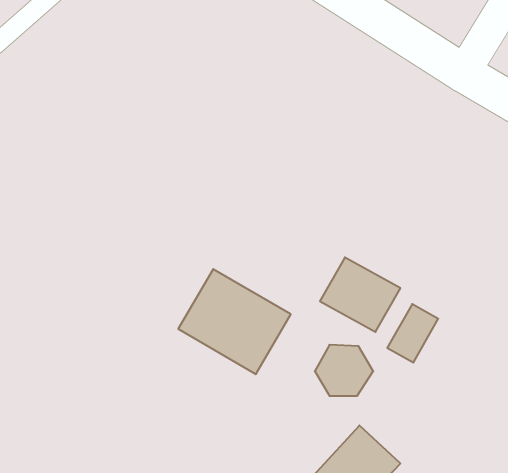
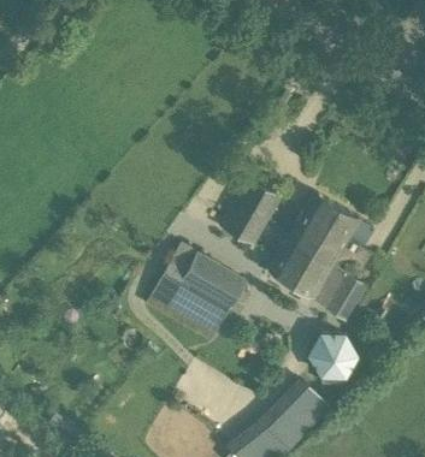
building: none -> [219,182,278,247]
building: none -> [289,195,358,261]
building: [315,345,373,396] -> [309,336,358,378]

